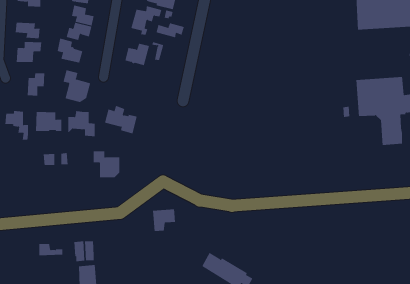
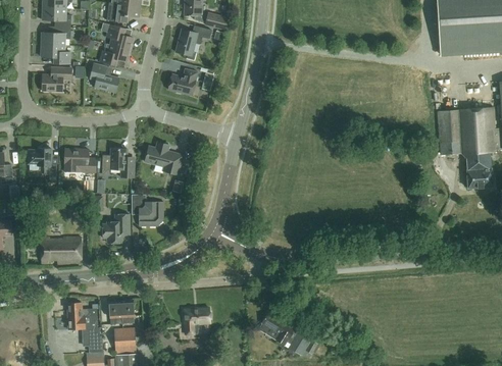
building: none -> [42,25,71,45]
building: [156,23,185,38] -> none
building: [63,69,91,103] -> none
building: [27,73,45,96] -> none
building: none -> [103,213,130,243]
building: none -> [41,236,82,263]
building: [152,209,176,232] -> [184,307,211,333]
building: none -> [68,315,102,345]

